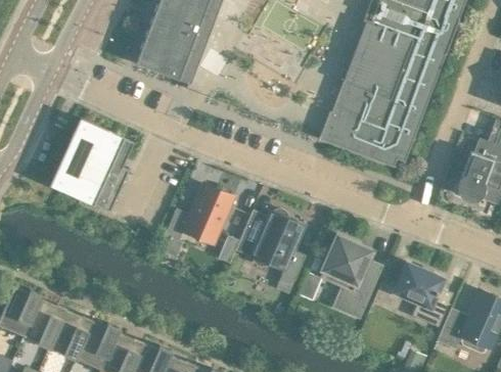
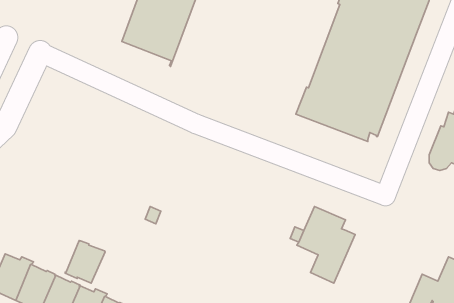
building: [50,119,133,212] -> none
building: [182,183,233,243] -> none
building: [239,208,305,280] -> none
building: [393,262,452,327] -> none
building: none -> [65,241,105,283]

